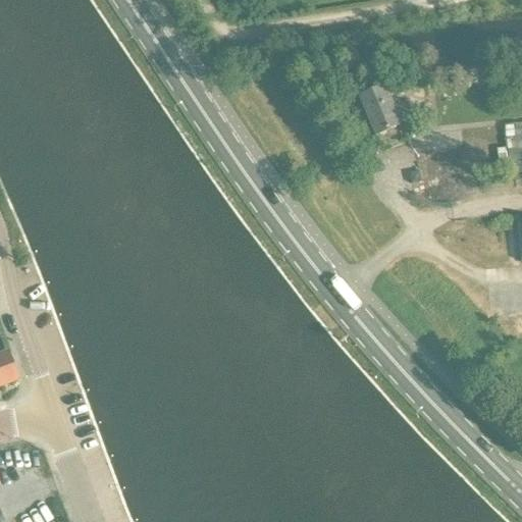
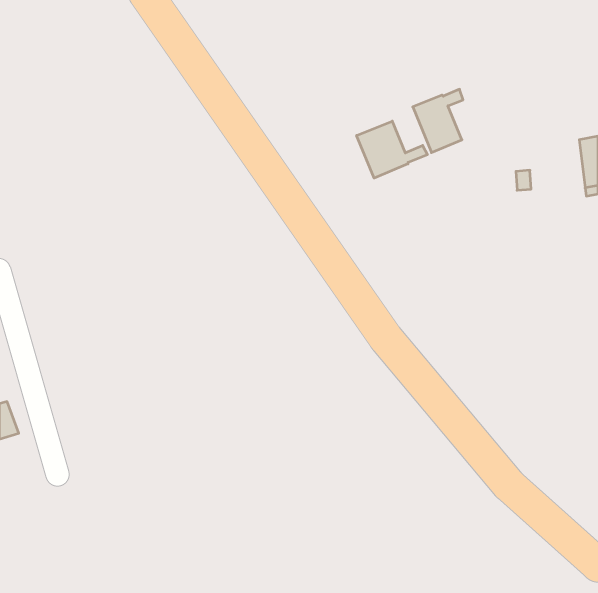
building: none -> [357,121,427,178]

